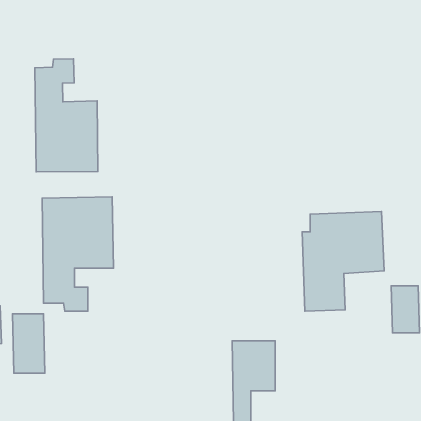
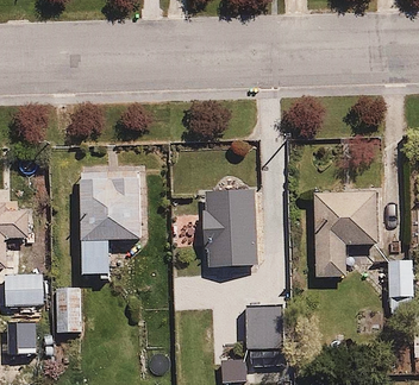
building: [35,59,98,172] -> none
building: none -> [187,195,256,265]

